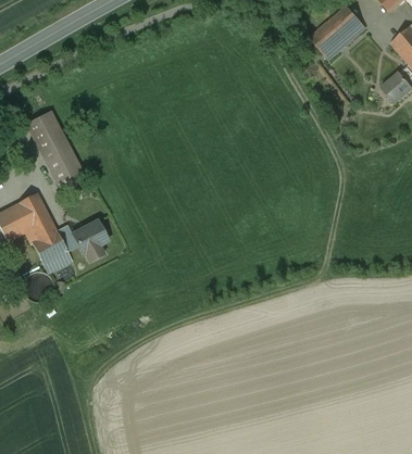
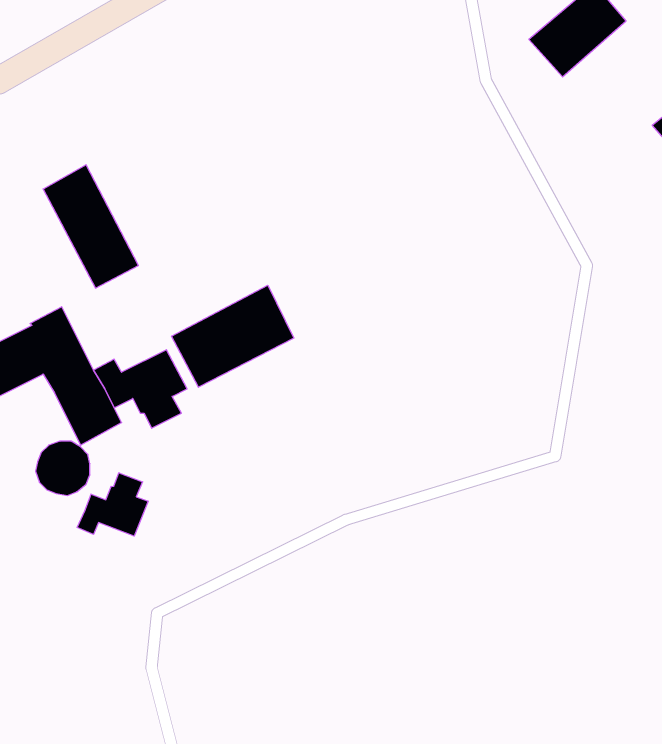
building: none -> [172,285,294,387]
building: none -> [77,473,148,536]

